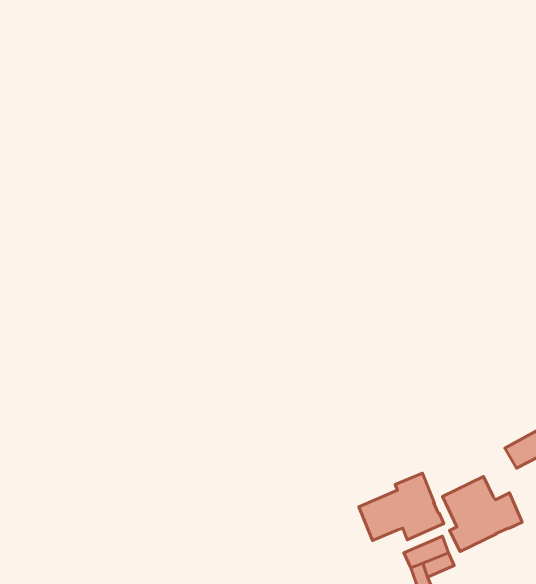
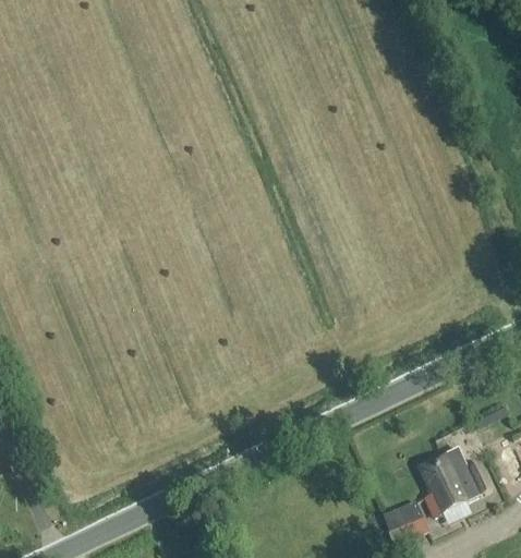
building: [359,473,444,540] -> none

